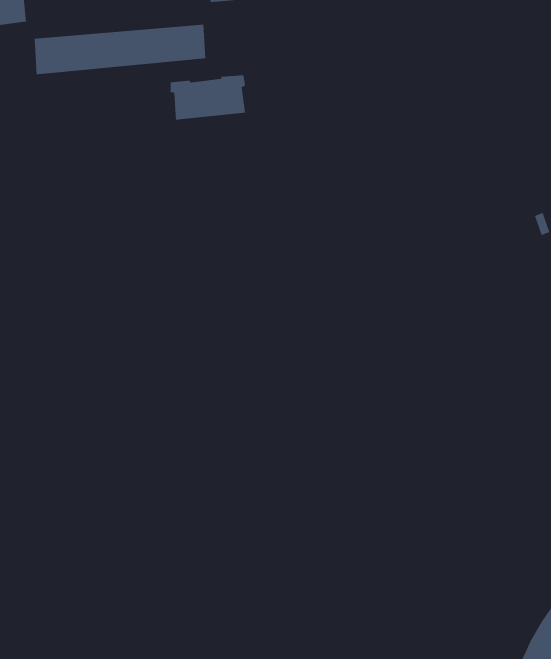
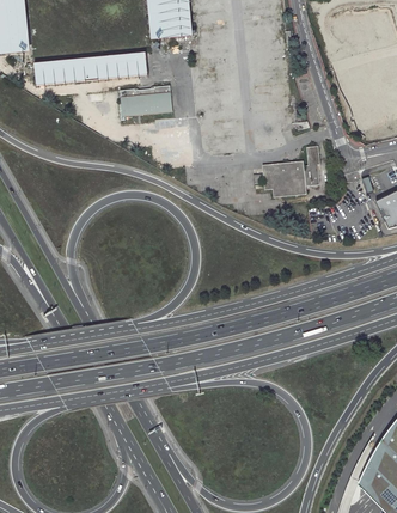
building: none -> [264,147,322,197]

